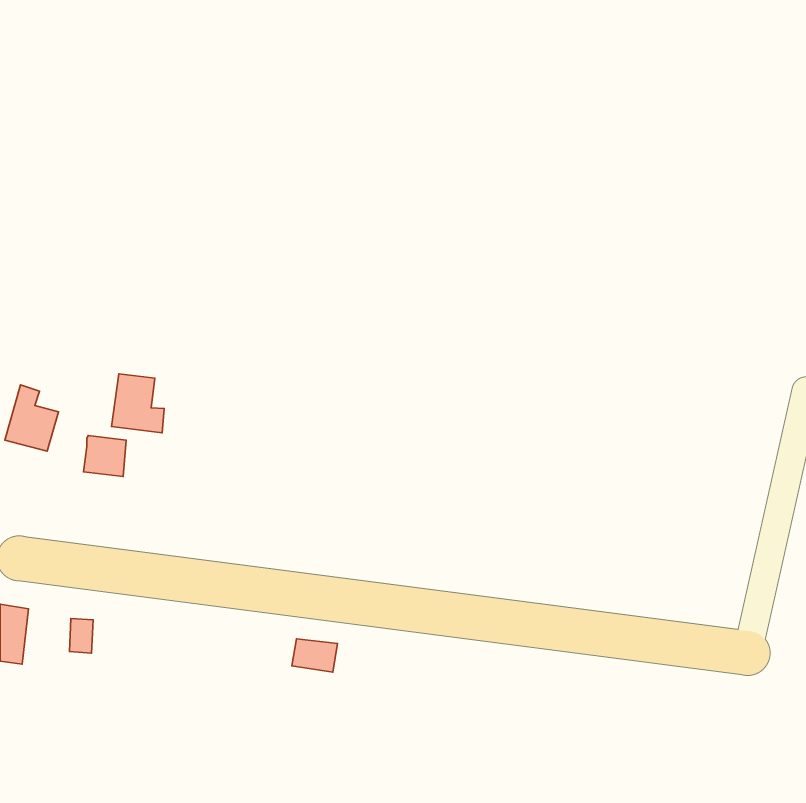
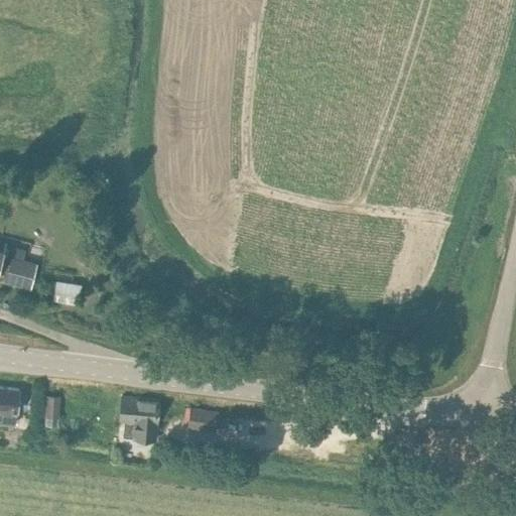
building: [111,374,164,433] -> none
building: none -> [119,399,158,441]

